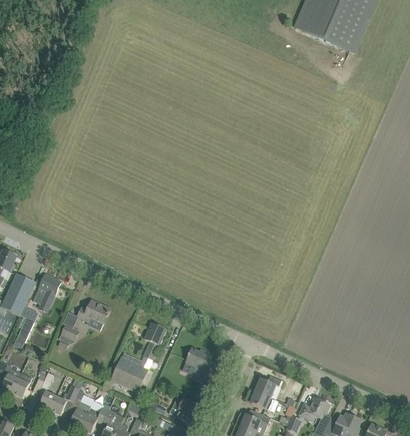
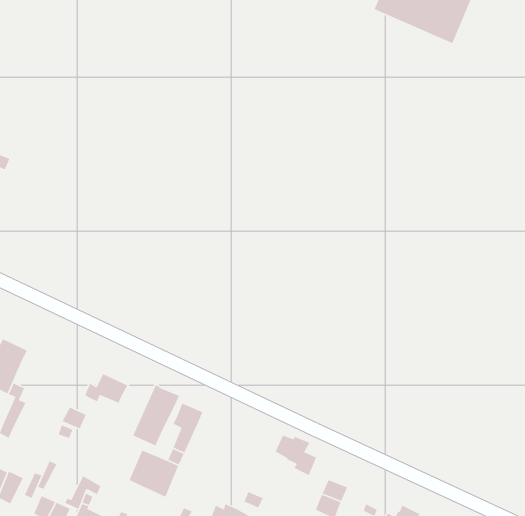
building: [36,273,60,308] -> none
building: none -> [132,384,180,446]
building: [185,347,218,378] -> [274,434,317,476]

